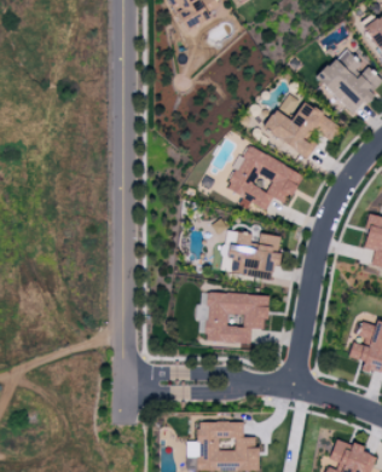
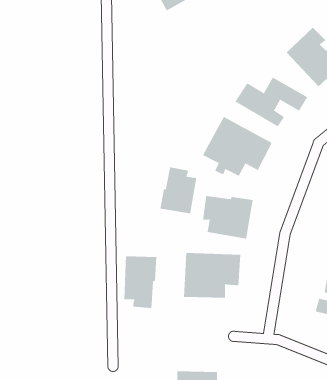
building: none -> [160,166,197,214]
building: none -> [124,255,157,309]

